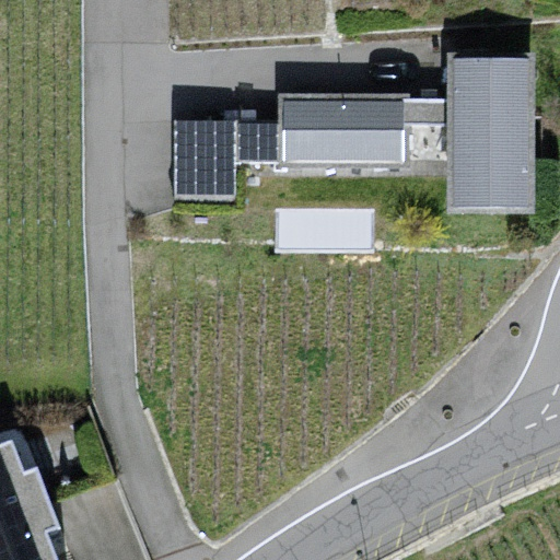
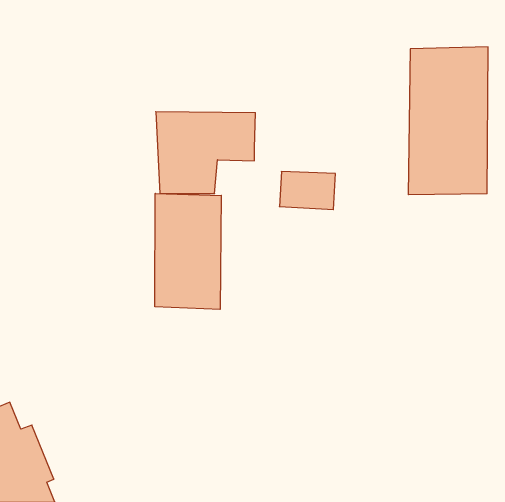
building: [279,92,406,164] -> none
building: none -> [155,193,221,309]

